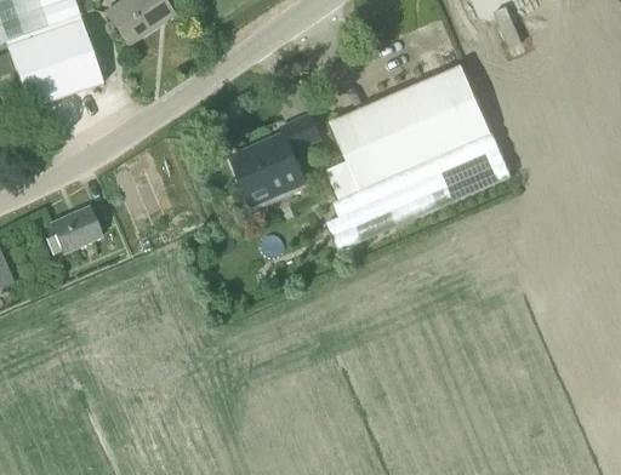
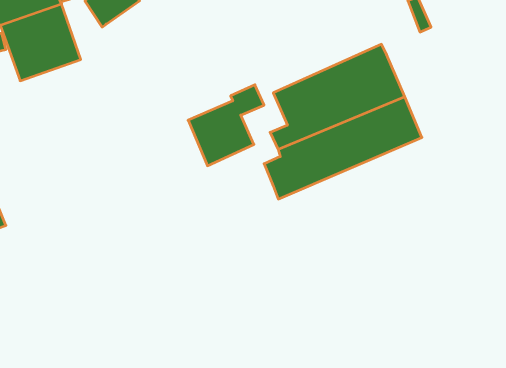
building: [49,206,99,252] -> none

